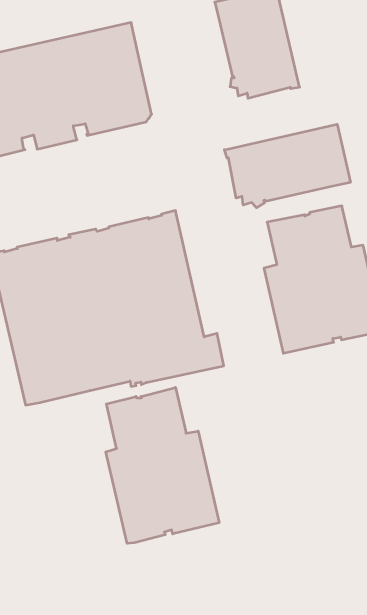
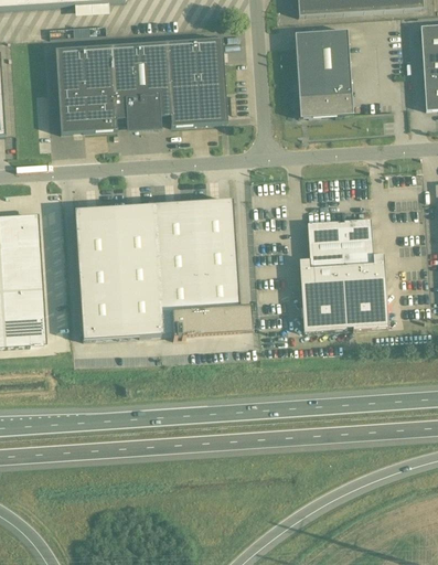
building: [224,124,350,208] -> none
building: [106,387,219,543] -> none

